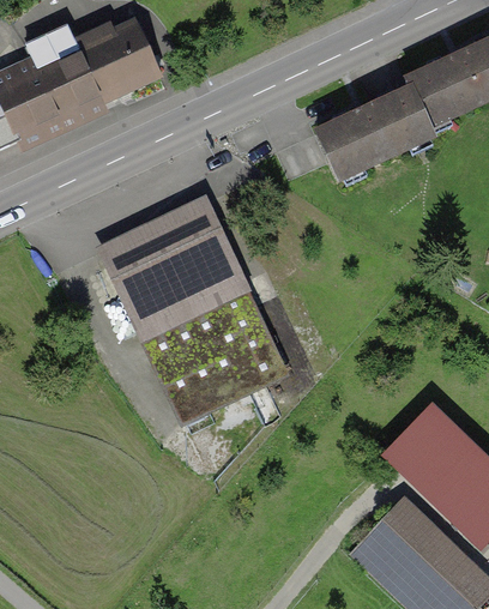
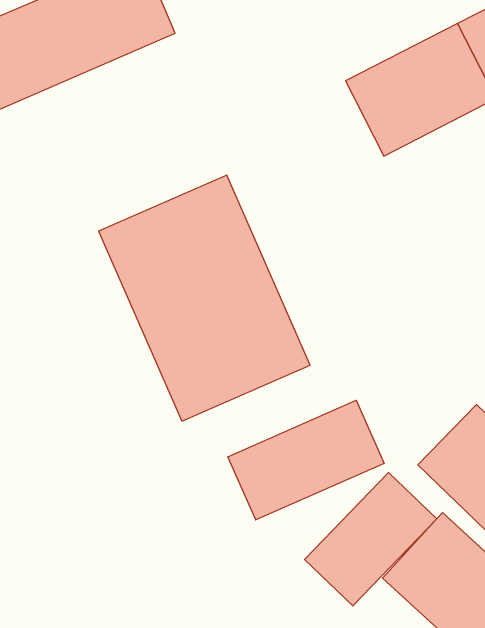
building: none -> [228,400,384,520]
building: none -> [305,473,437,606]

